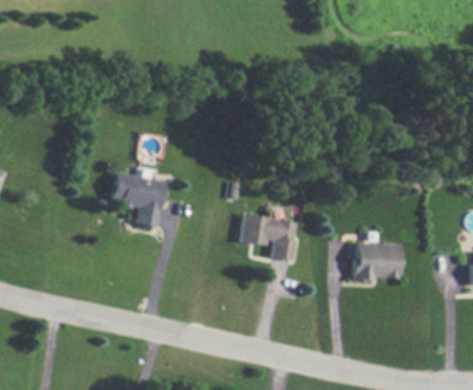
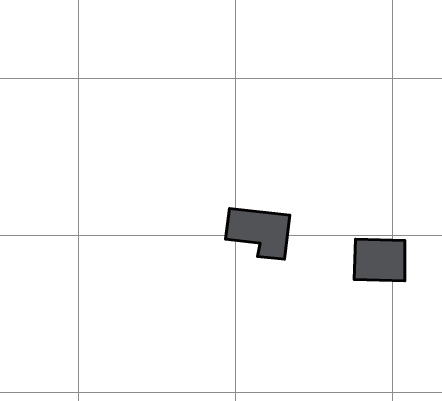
building: [110,172,164,228] -> none

